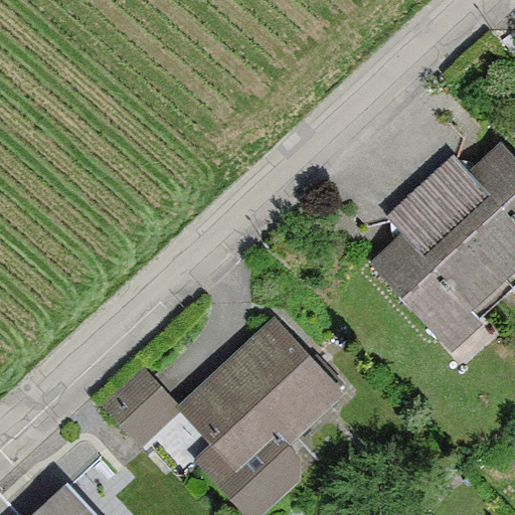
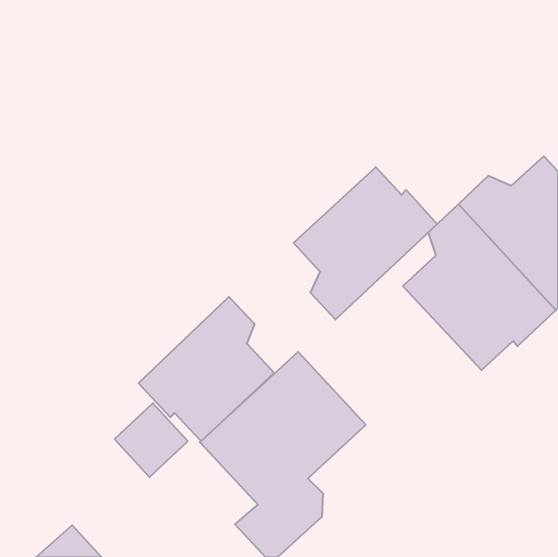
building: none -> [294,167,437,320]
building: none -> [139,297,274,441]

